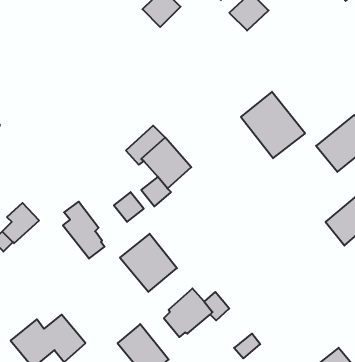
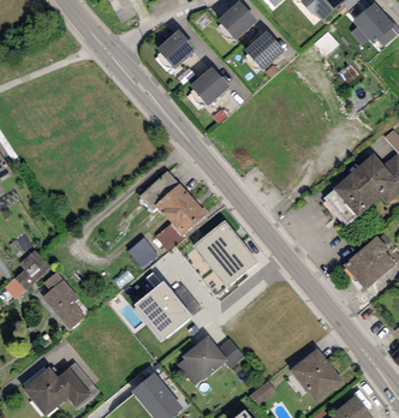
building: none -> [189,71,228,109]
building: [241,92,305,158] -> [193,220,258,287]
building: [63,202,105,259] -> [42,271,84,329]
building: none -> [290,348,344,402]

